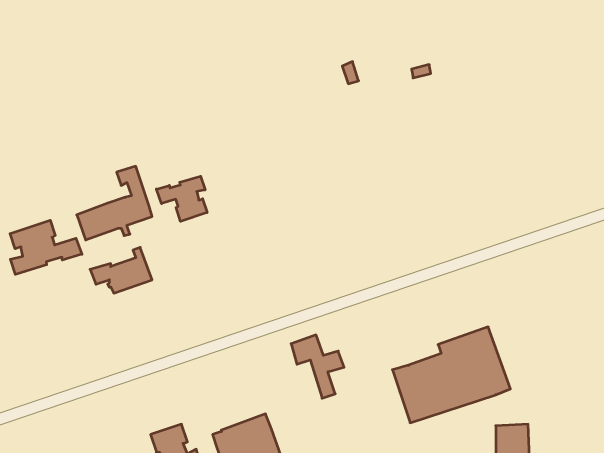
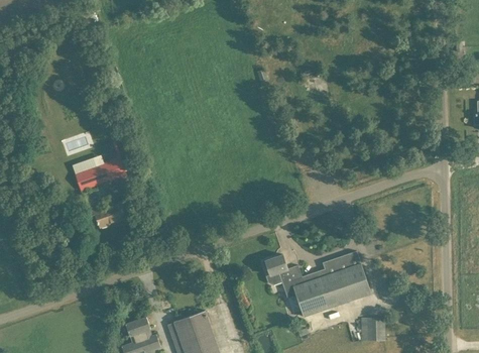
building: [156,176,207,221] -> none
building: [10,220,82,274] -> none
building: [291,335,344,398] -> [265,254,302,298]

